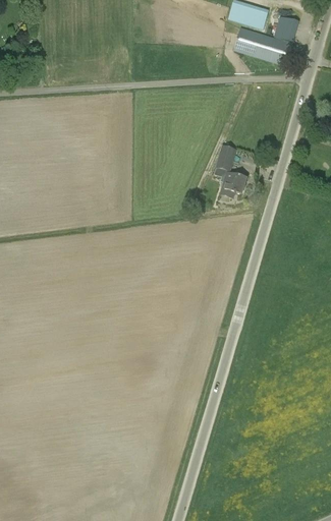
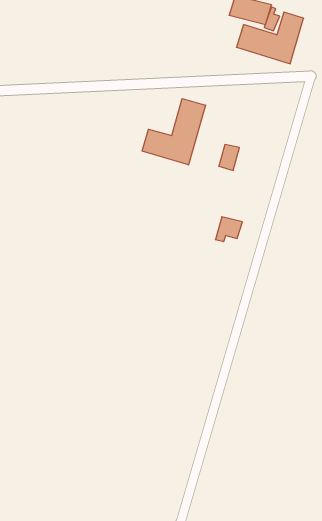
building: none -> [142,99,206,165]
building: [220,172,246,196] -> [215,217,242,242]

